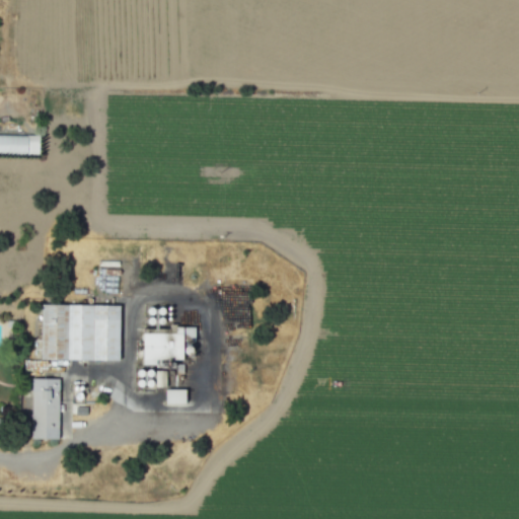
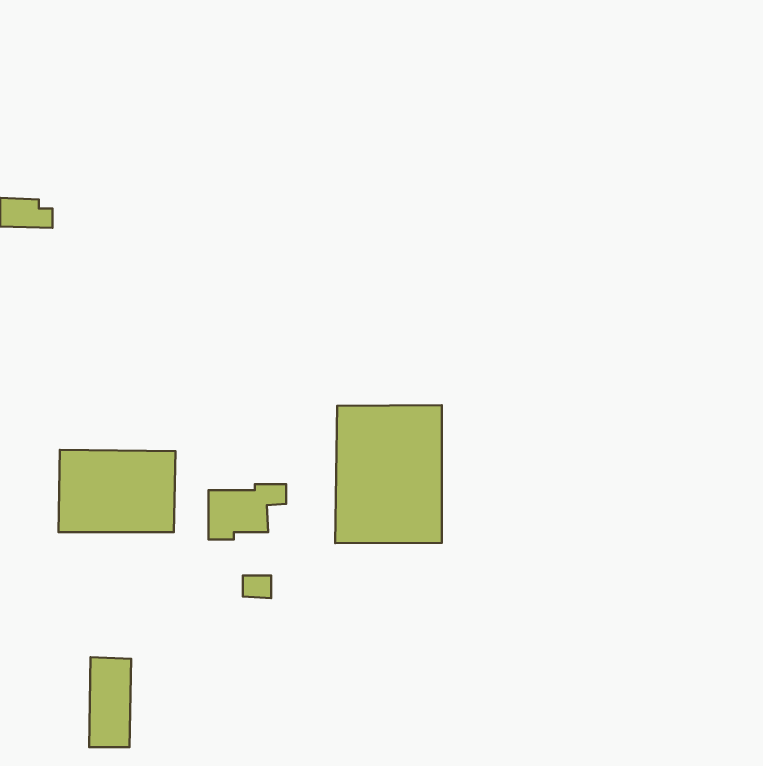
building: none -> [335,405,442,543]
building: [31,378,60,439] -> [89,657,131,747]

